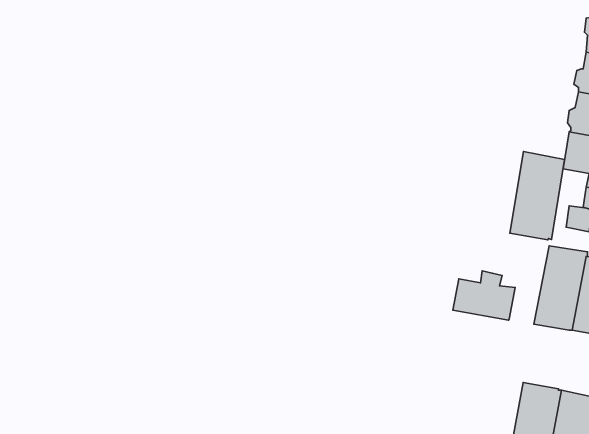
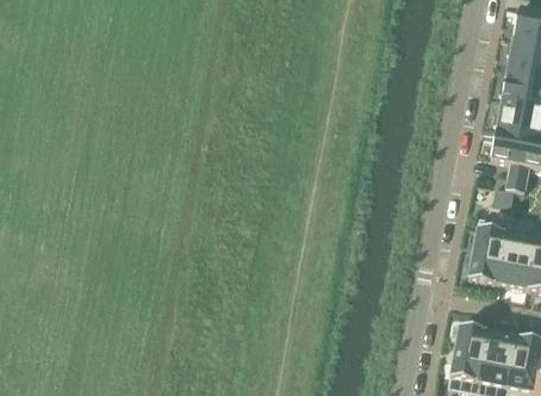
building: [510,152,565,240] -> none
building: [453,271,515,320] -> none

